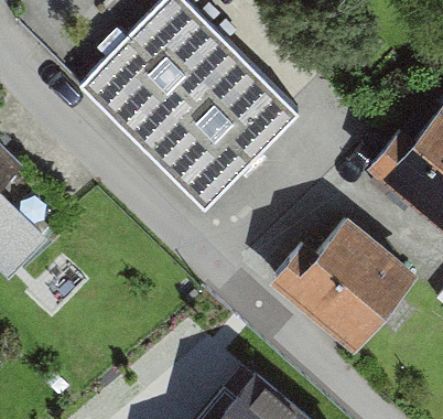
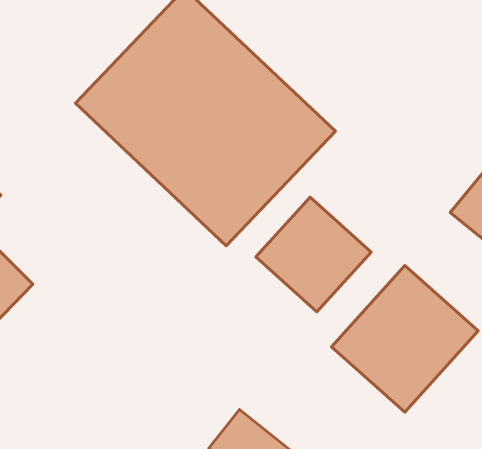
building: none -> [256,197,371,312]

